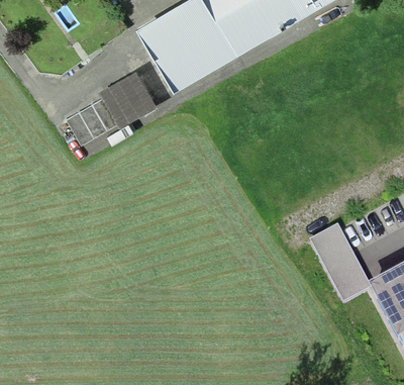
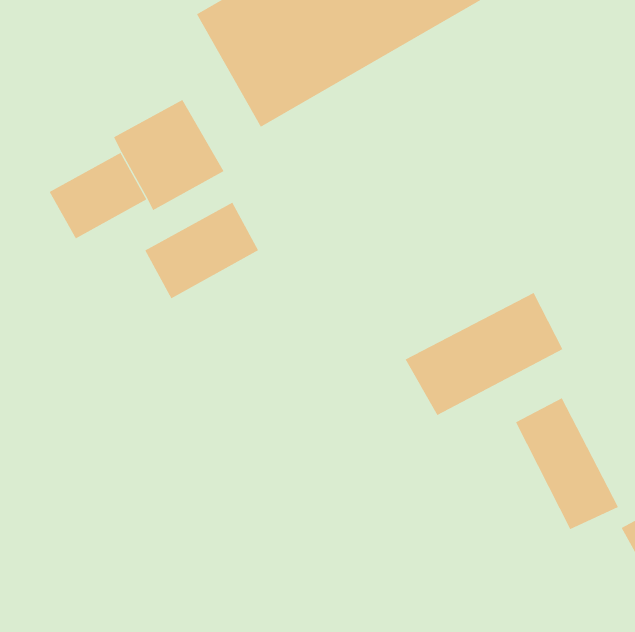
building: none -> [145,202,259,299]
building: none -> [405,292,563,416]

